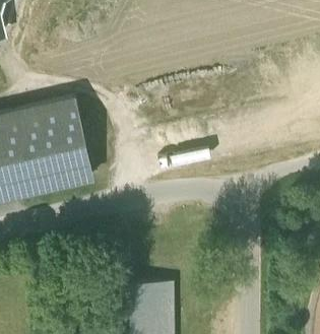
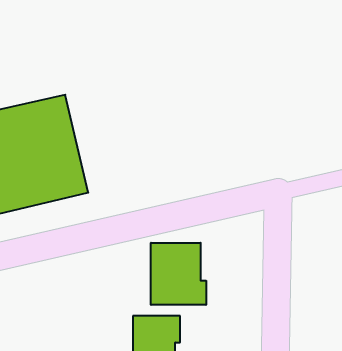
building: none -> [151,243,206,305]

